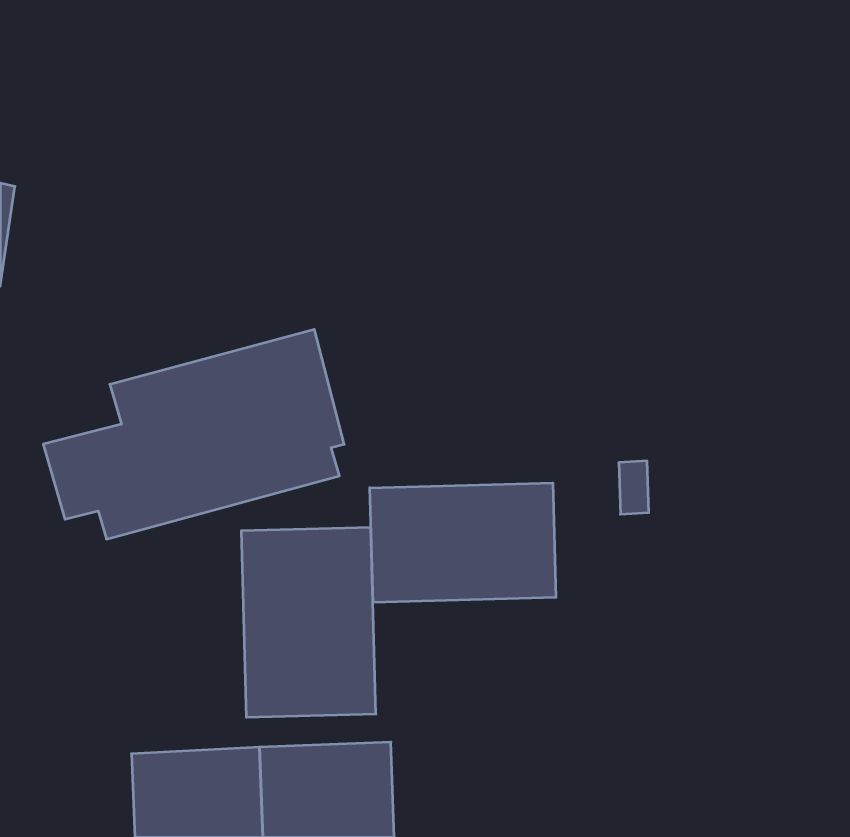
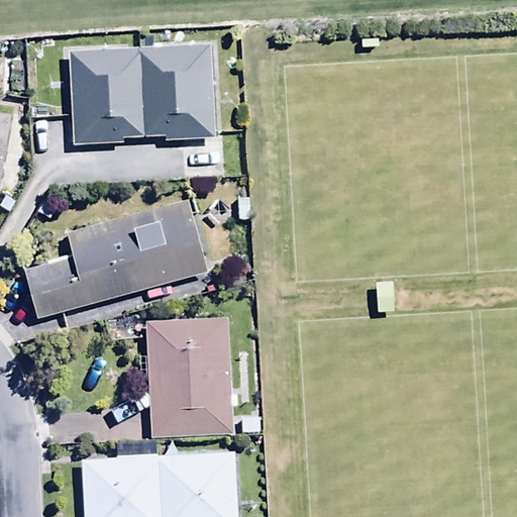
building: none -> [69,42,217,143]
building: [370,483,556,602] -> none

